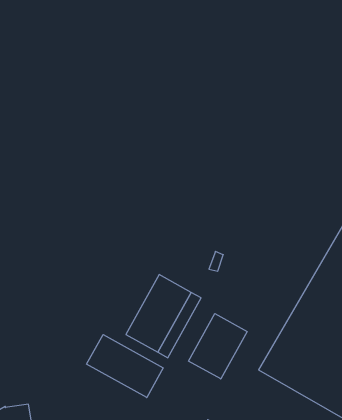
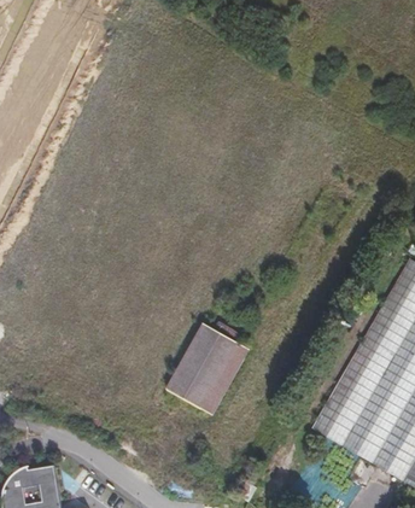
building: [189,314,247,379] -> none
building: [87,335,163,398] -> none

